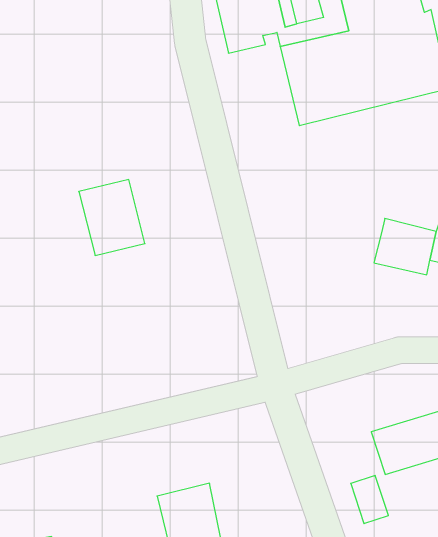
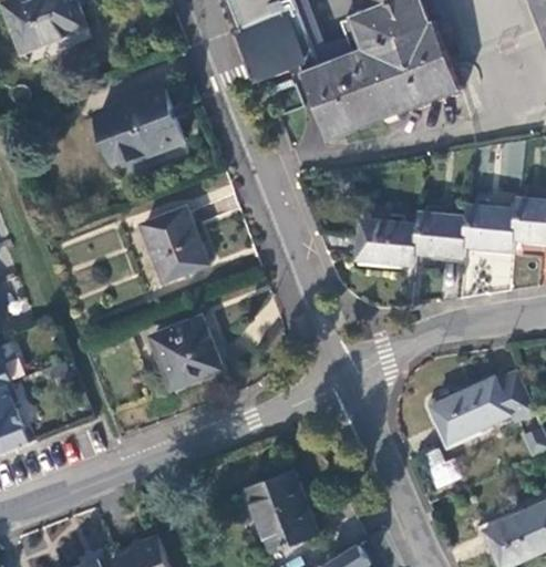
building: none -> [93,91,178,167]
building: none -> [354,220,415,265]
building: none -> [150,318,228,396]

